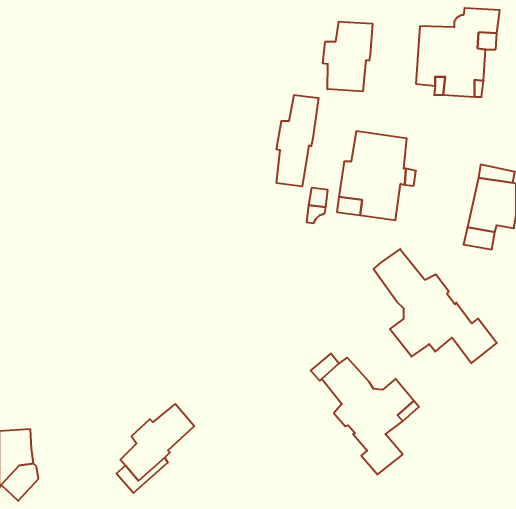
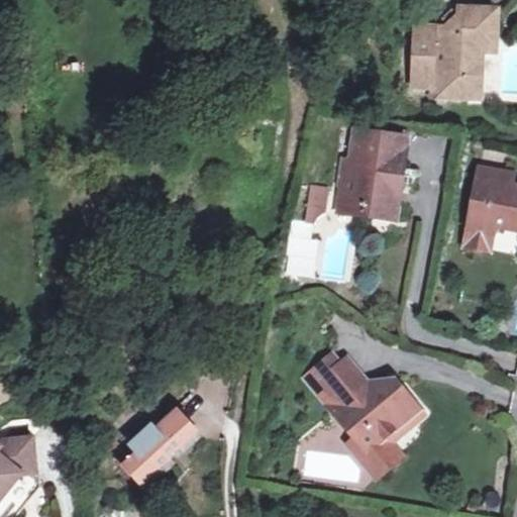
building: [323,22,372,91] -> none
building: [277,95,319,186] -> none
building: [374,249,497,363] -> none

